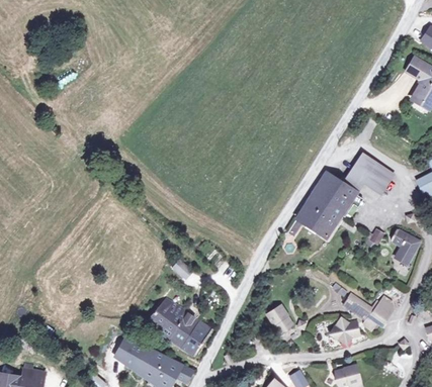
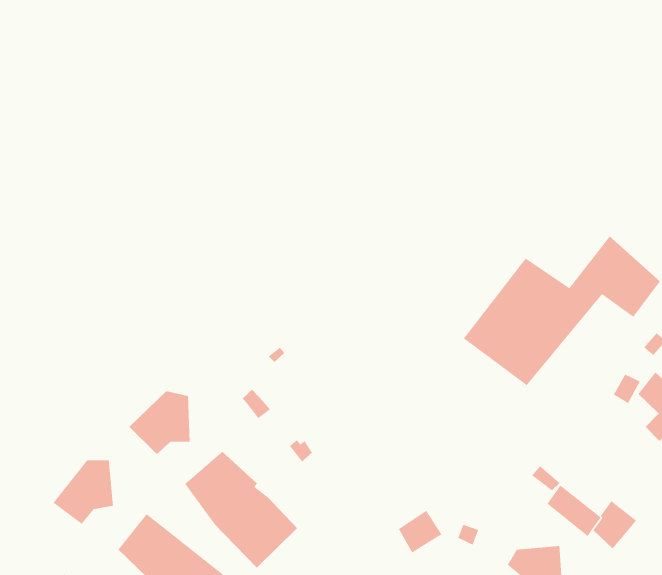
building: none -> [128,391,190,455]
building: none -> [52,459,114,525]

